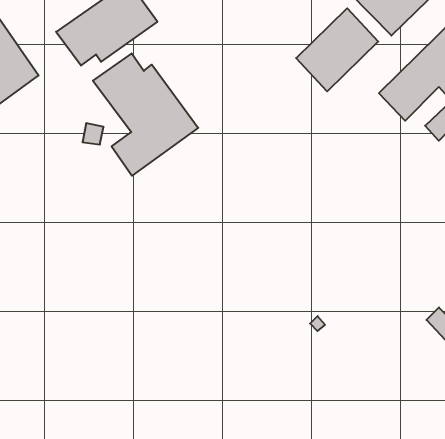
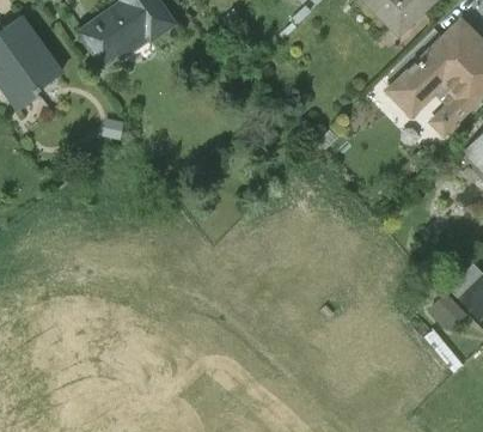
building: [296,8,378,91] -> none
building: [93,53,198,176] -> none

